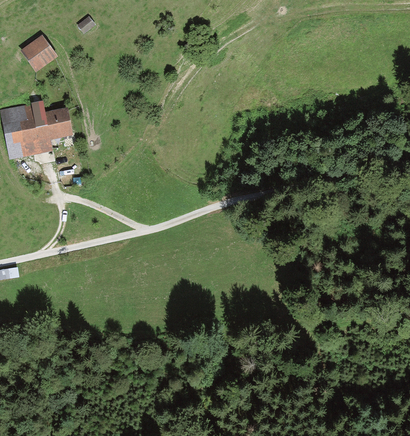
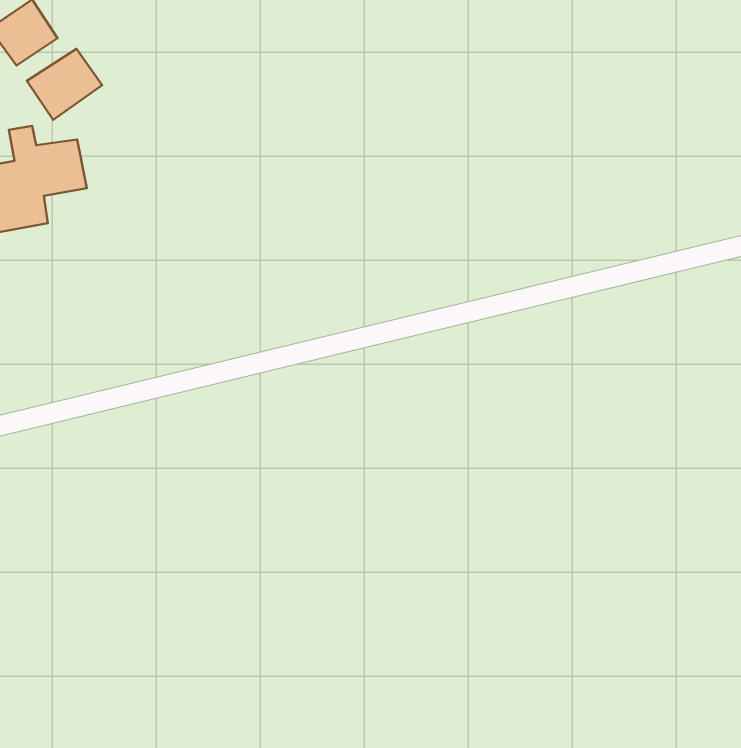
building: none -> [27,49,102,120]

